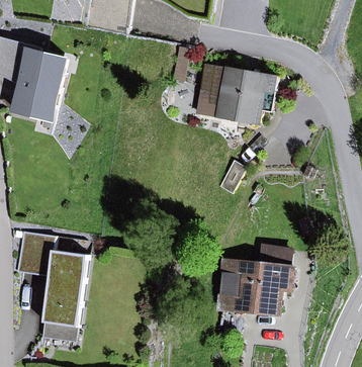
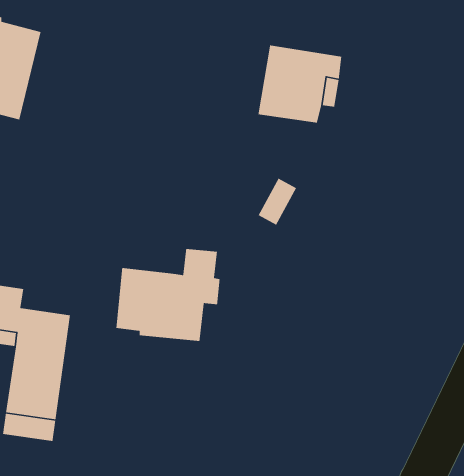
building: [197,65,225,115] -> none
building: [219,248,292,312] -> [116,248,221,342]

